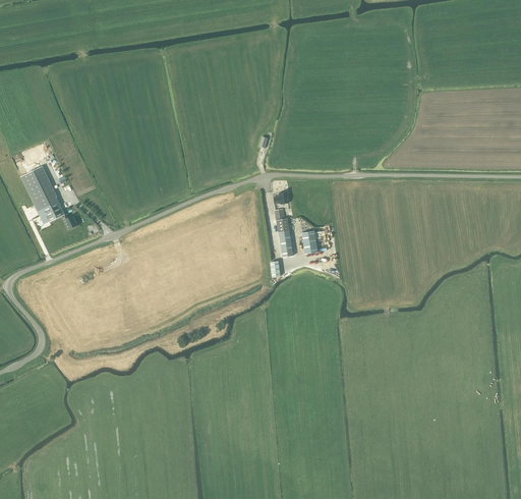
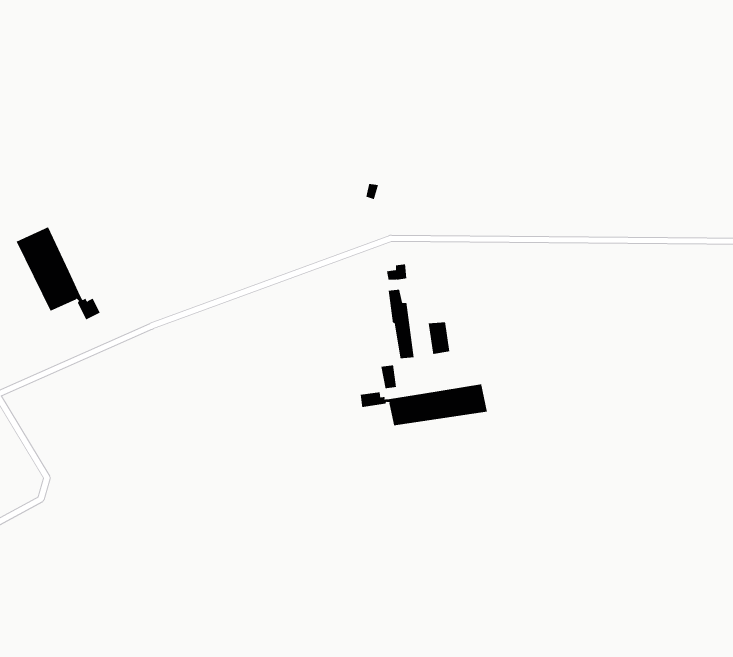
building: none -> [360,384,487,426]

